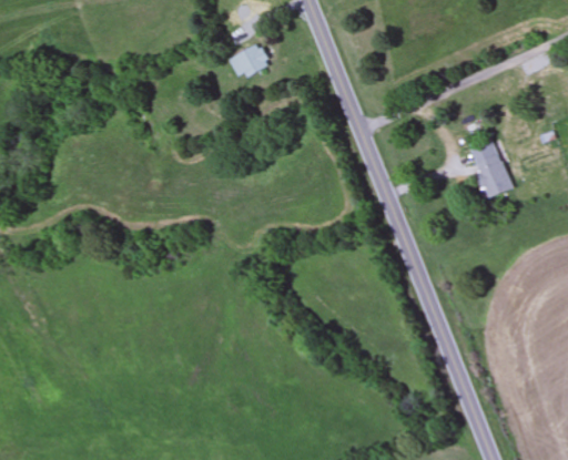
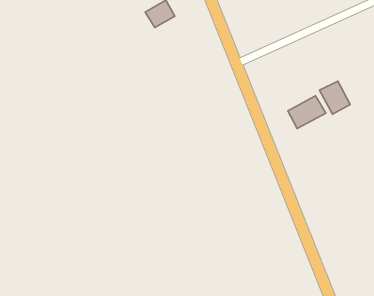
building: none -> [288,96,326,128]

